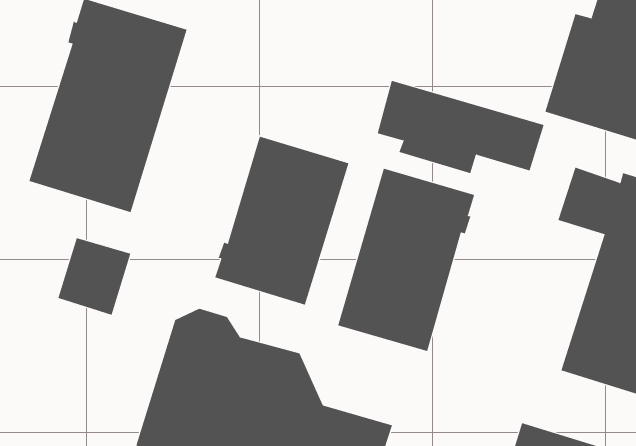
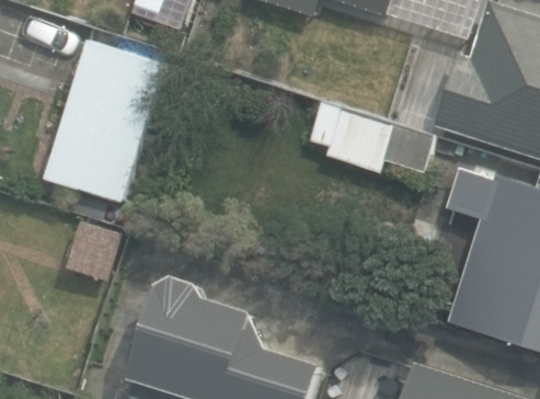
building: [215,136,349,306] -> none
building: [337,168,475,352] -> none

